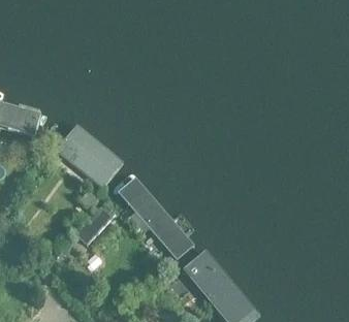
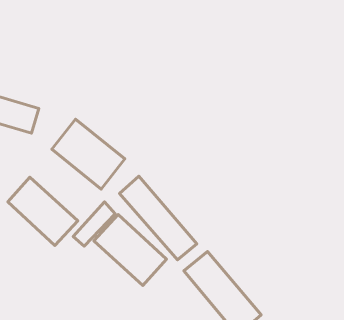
building: none -> [8,177,78,246]
building: none -> [94,215,166,285]

